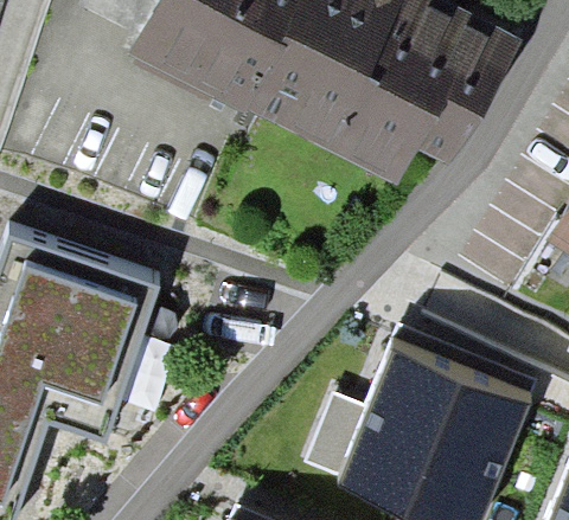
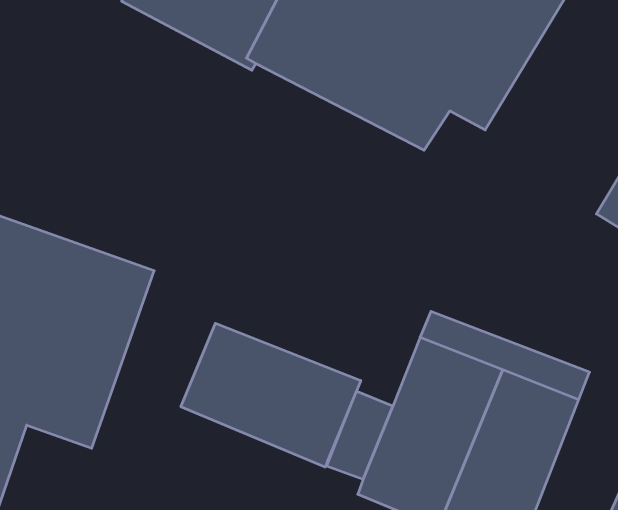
building: none -> [181,323,361,467]

